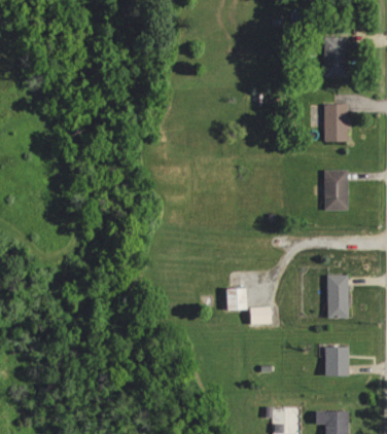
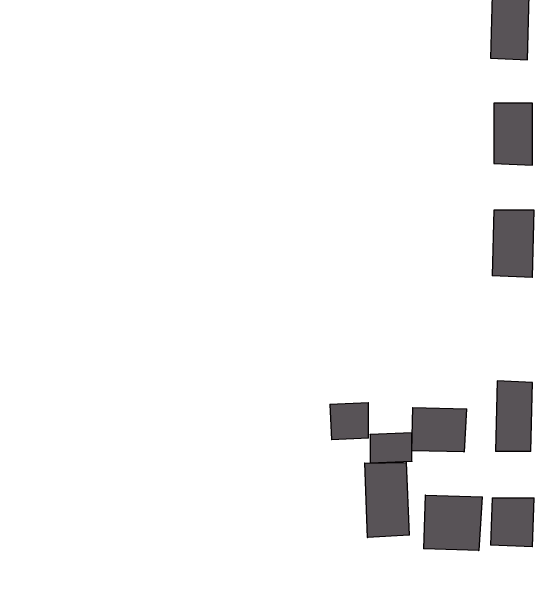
building: none -> [412,408,467,452]
building: none -> [365,462,409,538]
building: none -> [424,495,482,551]

